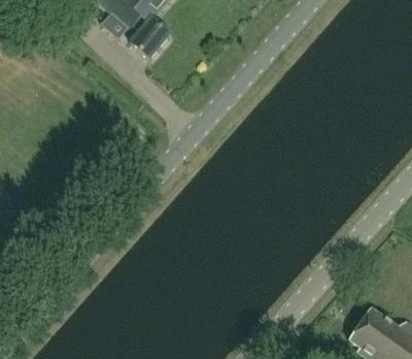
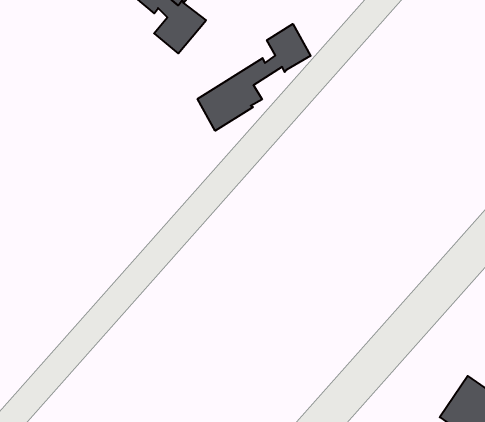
building: none -> [198,24,311,131]

